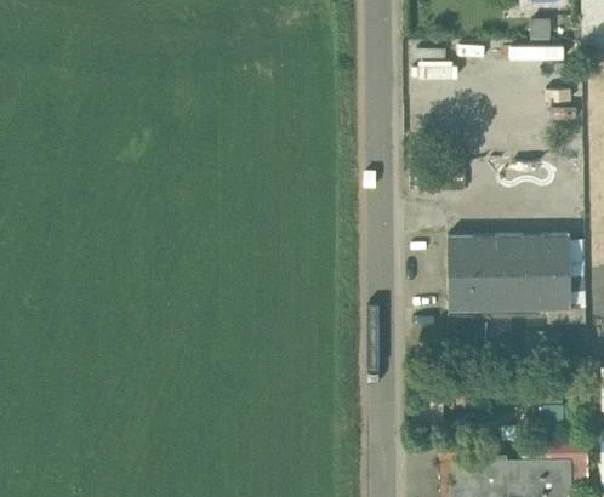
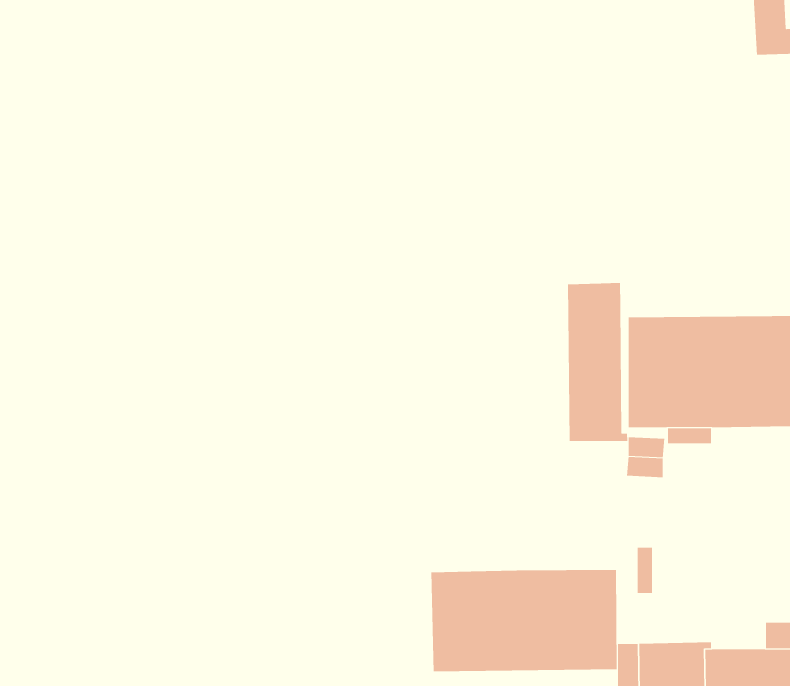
building: none -> [568,282,628,442]
building: none -> [431,569,617,672]

